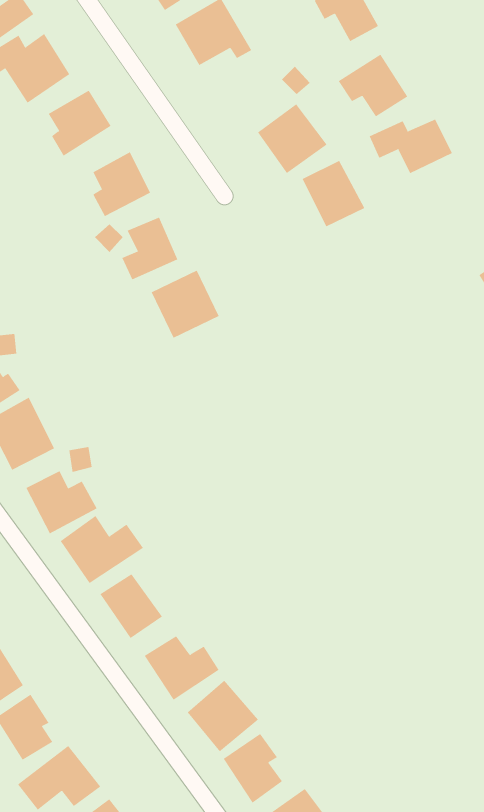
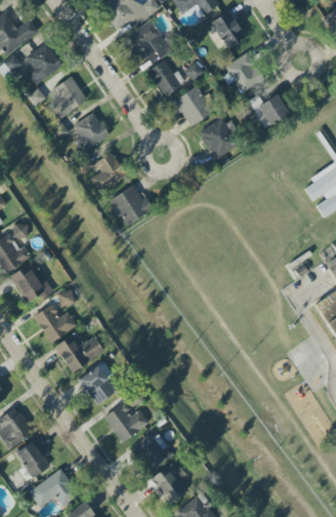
building: none -> [149,61,186,96]

